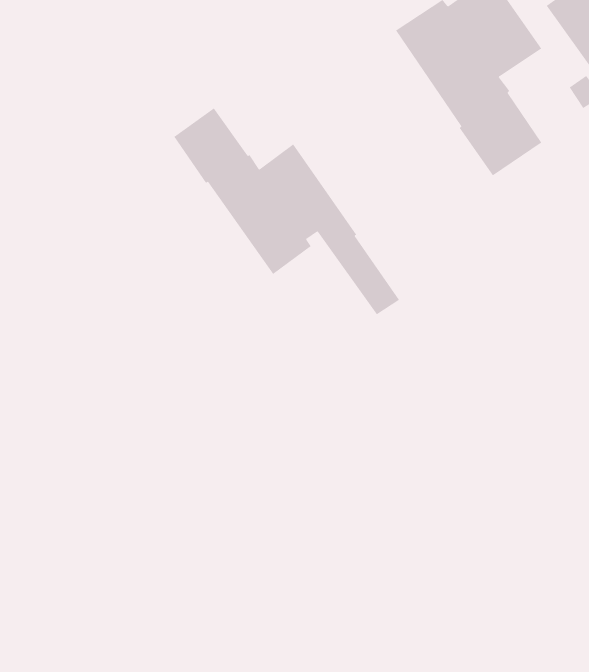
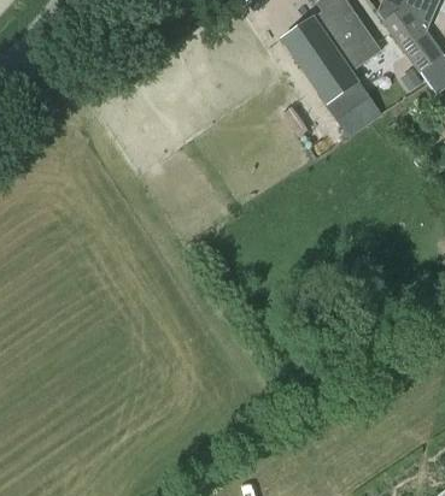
building: [173,107,400,315] -> none

